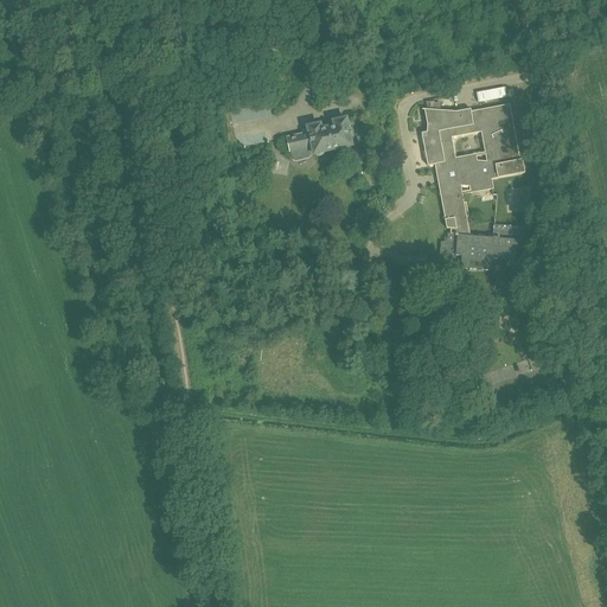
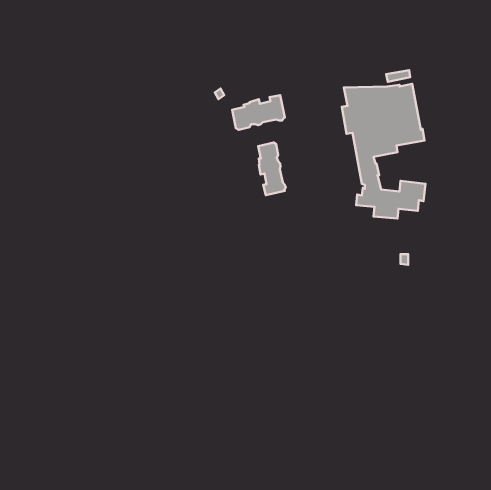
building: none -> [258,142,286,195]

